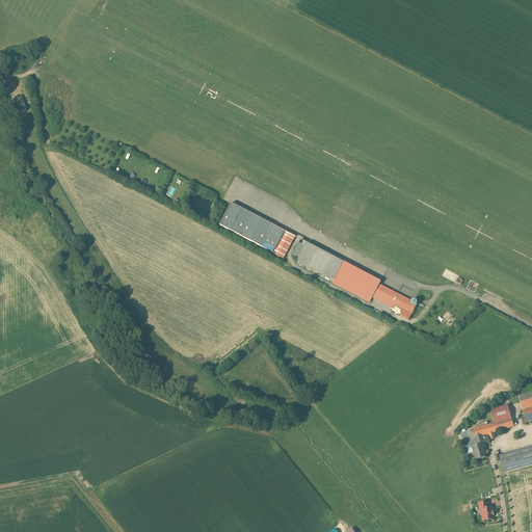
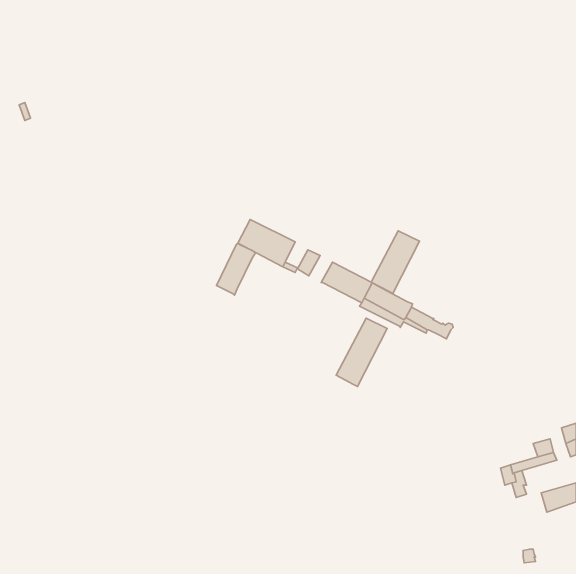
building: none -> [371,231,420,294]
building: none -> [216,244,256,295]
building: none -> [336,318,387,387]

